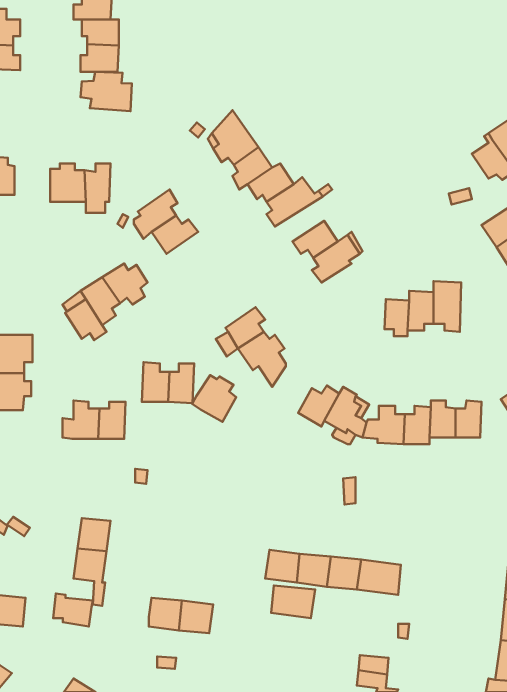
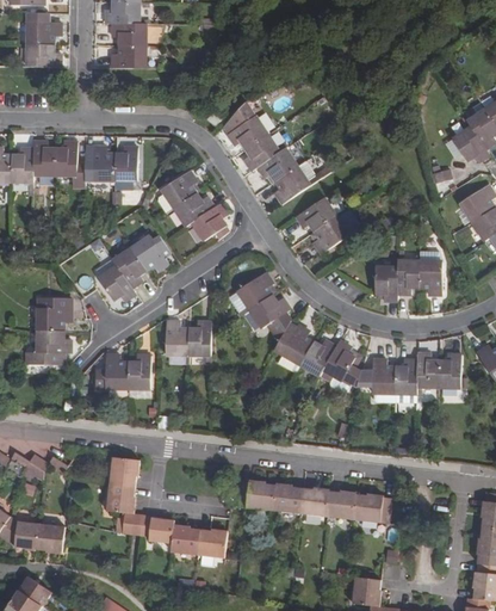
building: [80,72,132,111] -> none
building: none -> [54,143,85,177]
building: none -> [191,204,227,240]
building: [192,375,236,422] -> [274,325,312,365]
building: [271,585,315,618] -> [237,481,275,510]
building: [53,594,93,626] -> [140,514,174,543]

